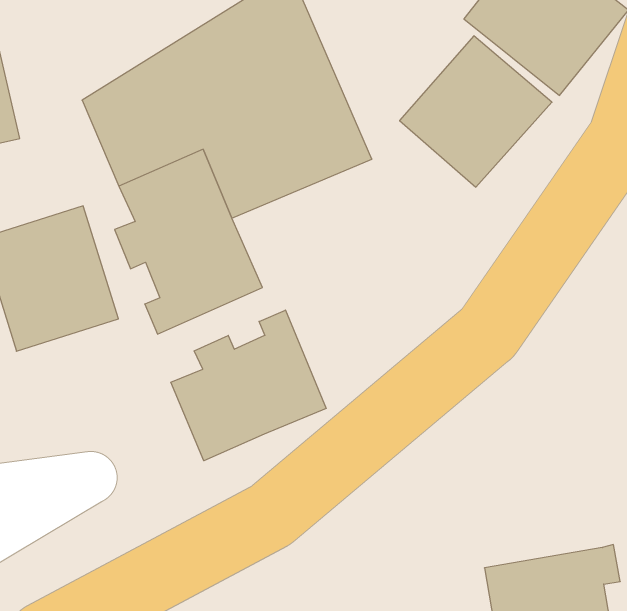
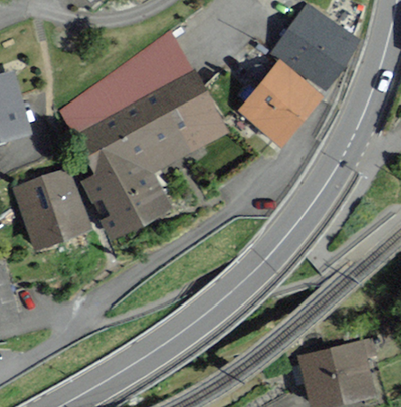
building: [171,310,326,461] -> none

